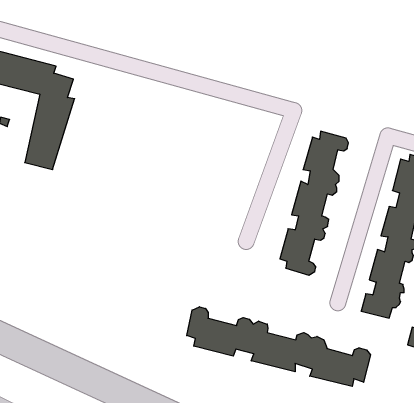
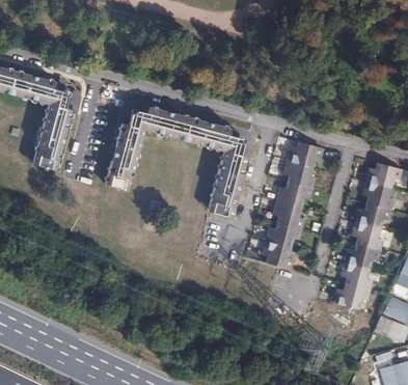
building: none -> [105,105,246,214]
building: [187,307,370,386] -> none

